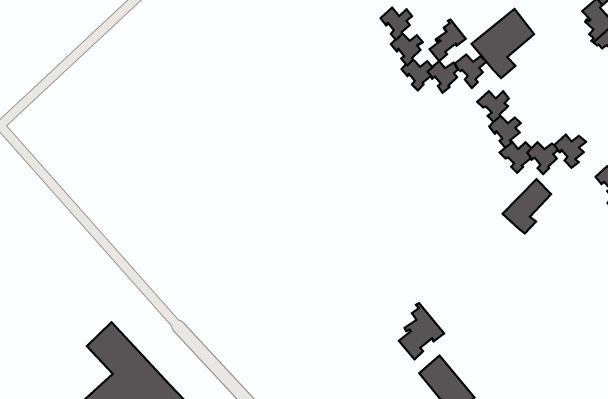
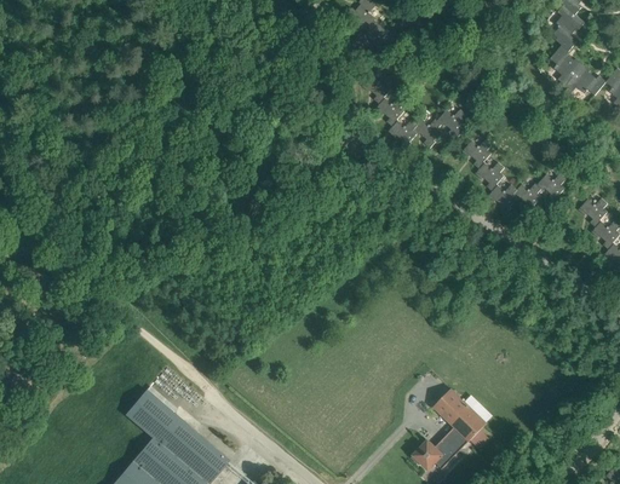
building: [471,9,534,78] -> none
building: [430,19,466,61] -> none
building: [503,179,551,233] -> none
building: [399,303,444,359] -> none

